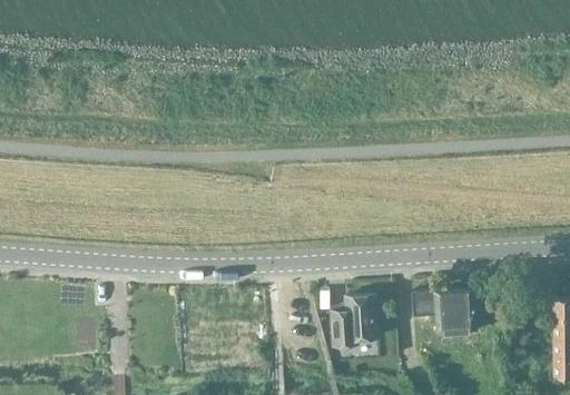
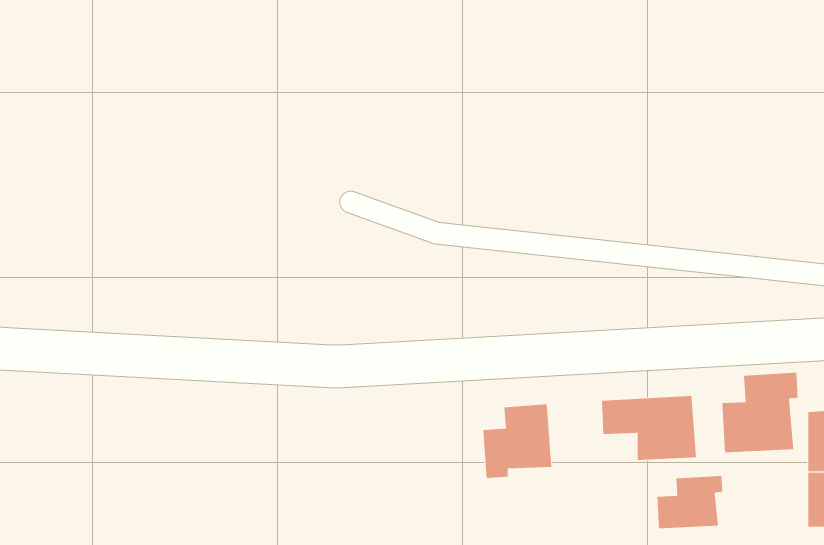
building: none -> [722,372,798,453]
building: none -> [657,475,723,529]

